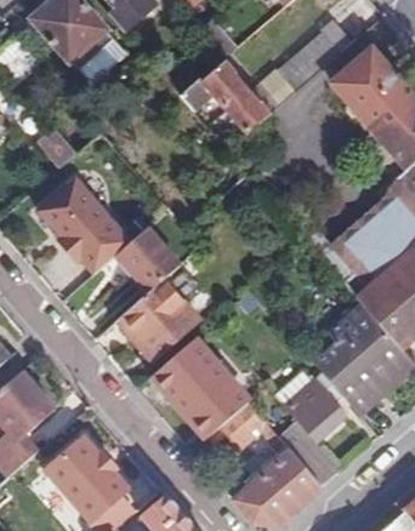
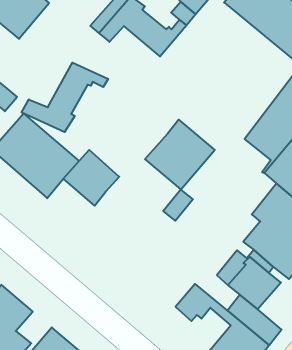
building: none -> [22,63,108,132]
building: [115,280,198,361] -> [145,120,215,190]
building: [150,339,249,439] -> none

